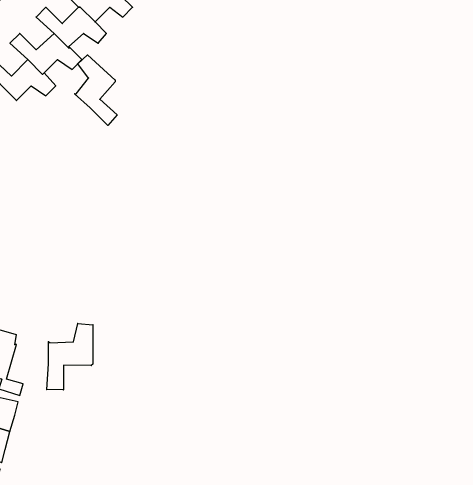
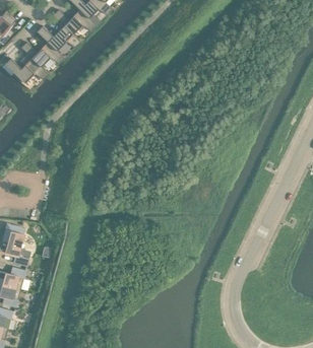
building: [75,55,117,125] -> none
building: [47,323,93,390] -> none

